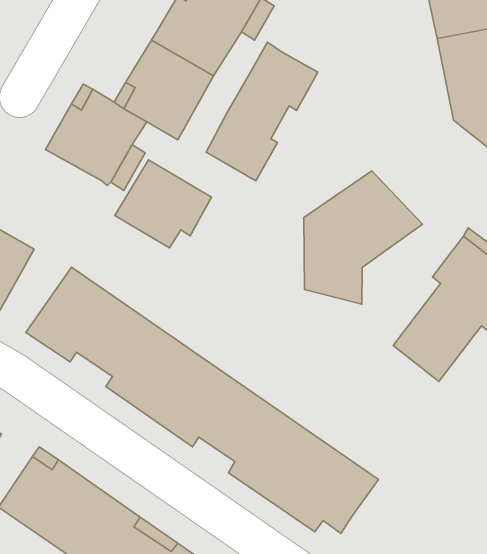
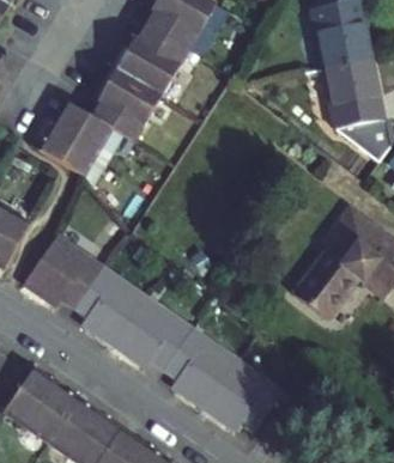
building: [206,42,318,181] -> none
building: [115,160,212,248] -> none
building: [304,171,423,304] -> none

